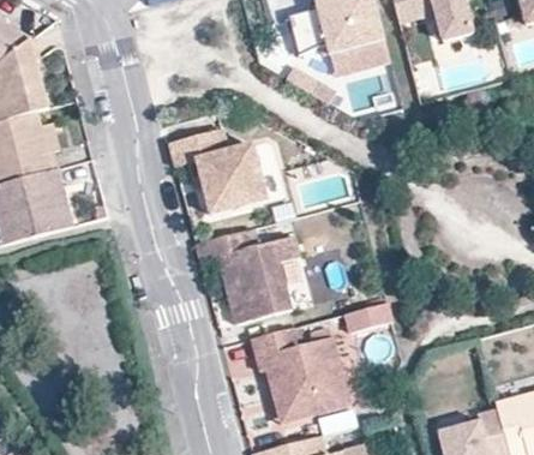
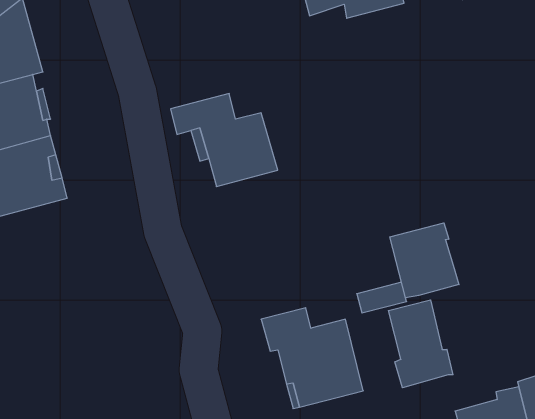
building: [196,224,301,322] -> none
building: none -> [390,223,459,298]
building: none -> [388,300,453,388]

